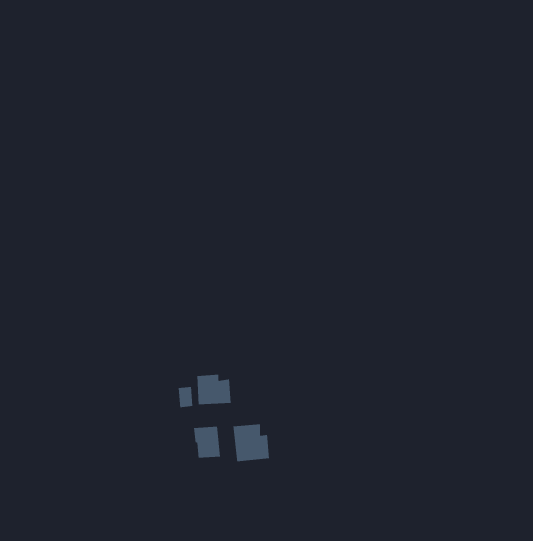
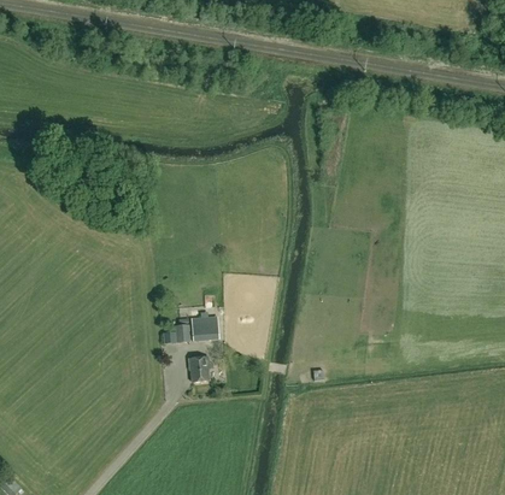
building: [233,423,270,462] -> none

